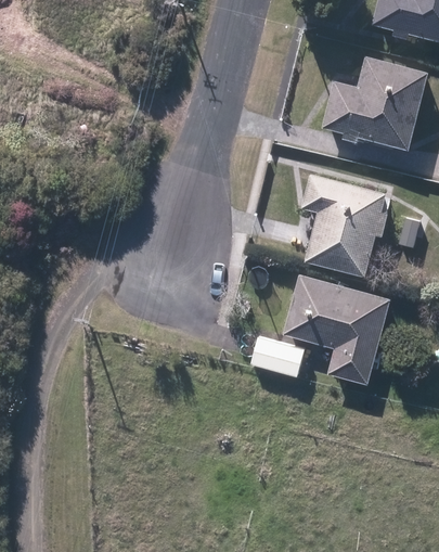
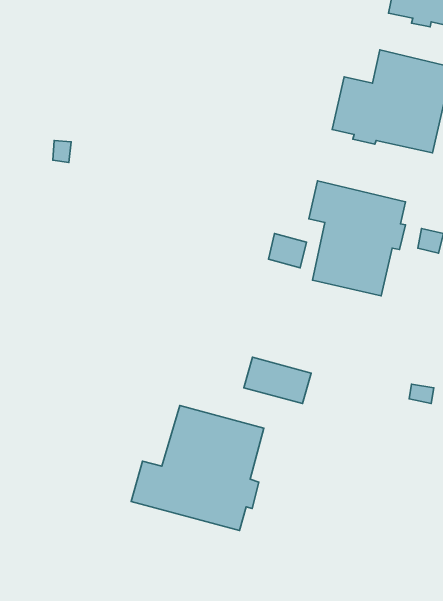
building: [282,274,390,384] -> none
building: none -> [131,405,264,530]

